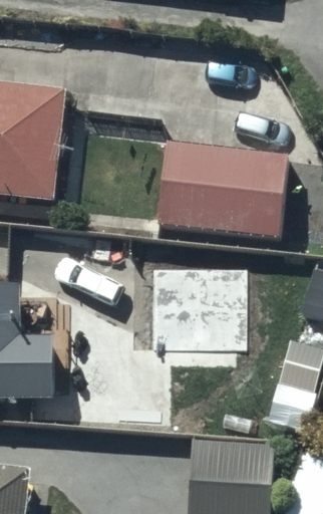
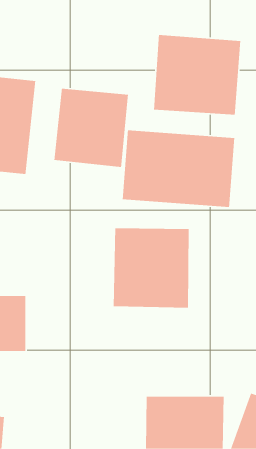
building: none -> [153,34,241,116]
building: none -> [54,88,129,168]

